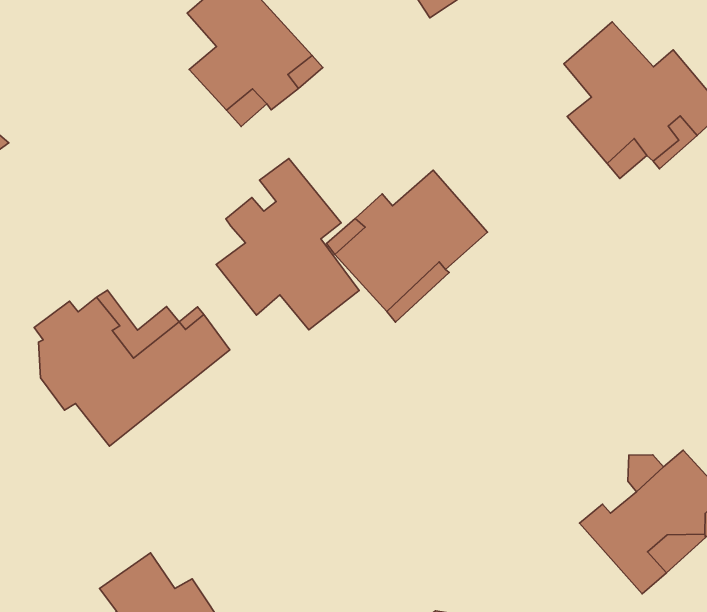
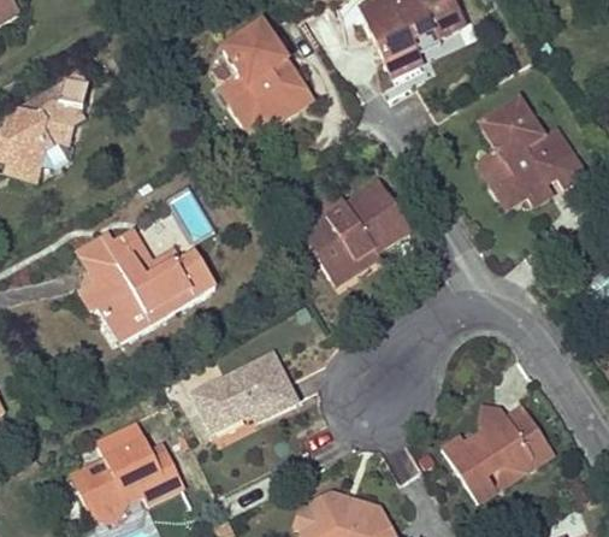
building: [216,158,359,330] -> none
building: none -> [193,353,296,431]

